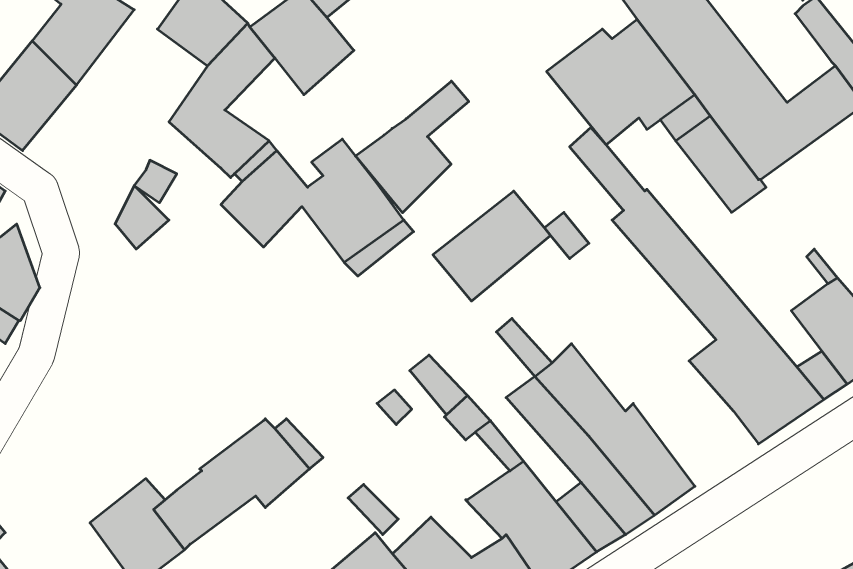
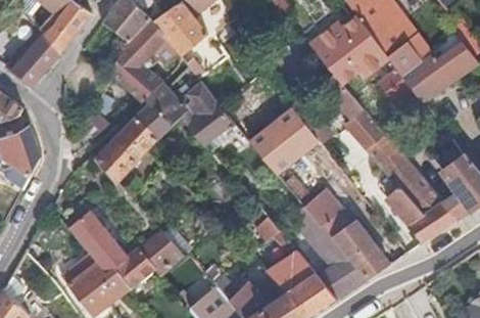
building: [355,81,469,213] -> none
building: none -> [96,116,160,183]
building: none -> [70,212,128,272]

